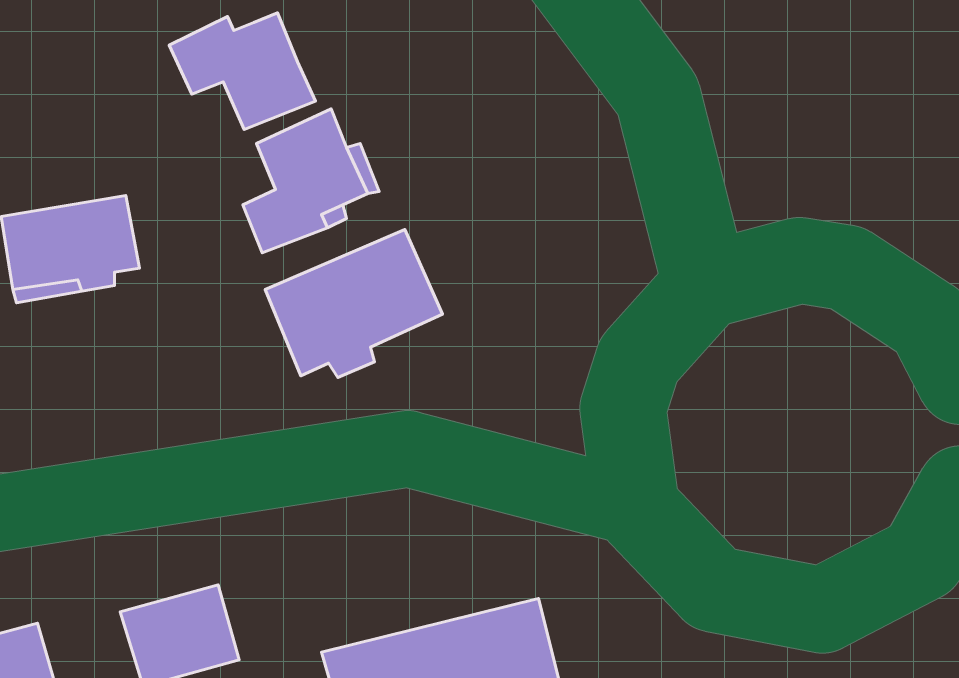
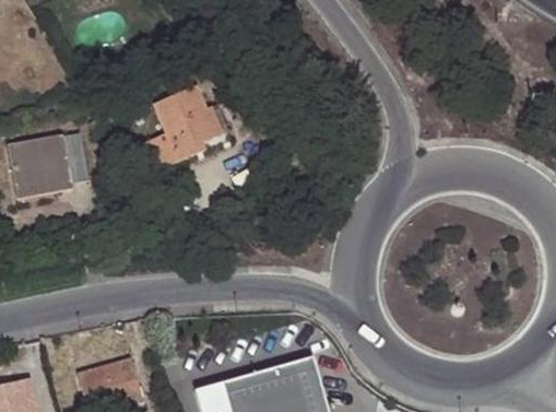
building: [169,13,315,129] -> none
building: [265,229,442,377] -> none

